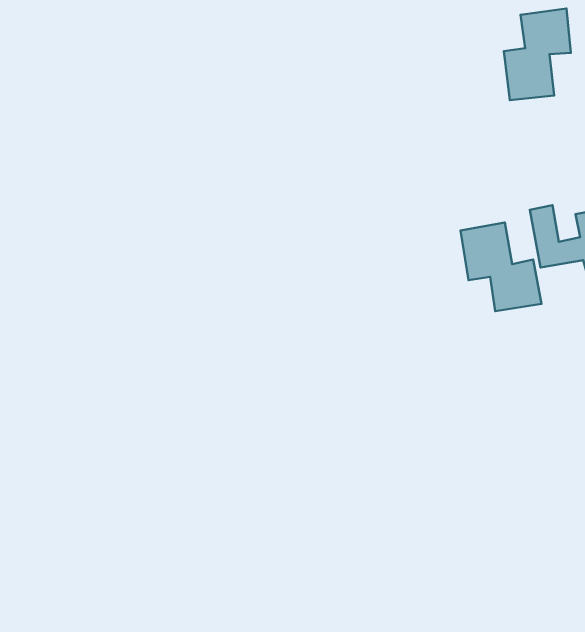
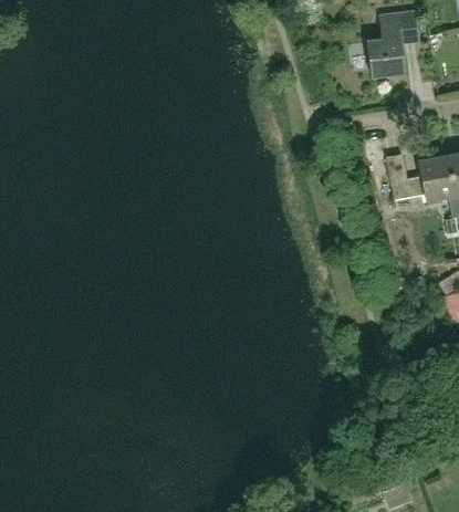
building: [461,222,541,311] -> none

